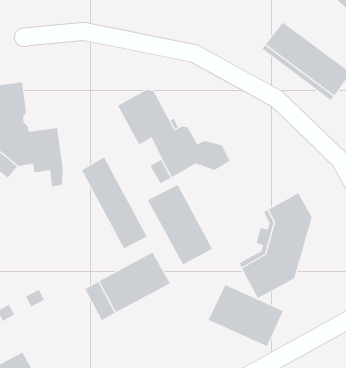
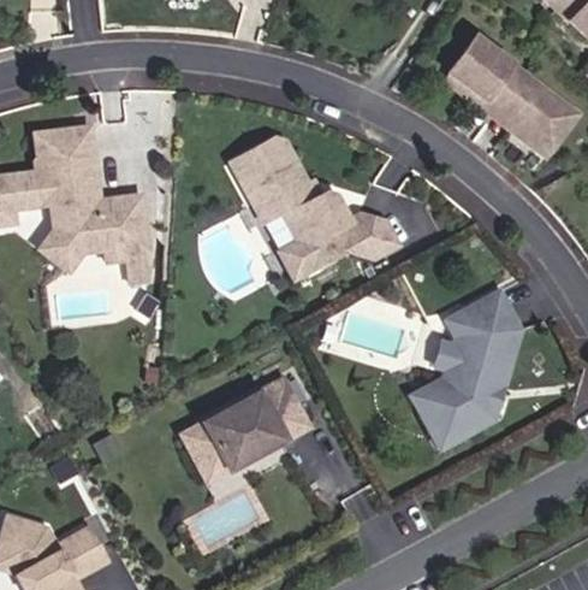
building: [81,157,147,249] -> none
building: [147,184,213,265] -> none
building: [208,284,284,347] -> none

